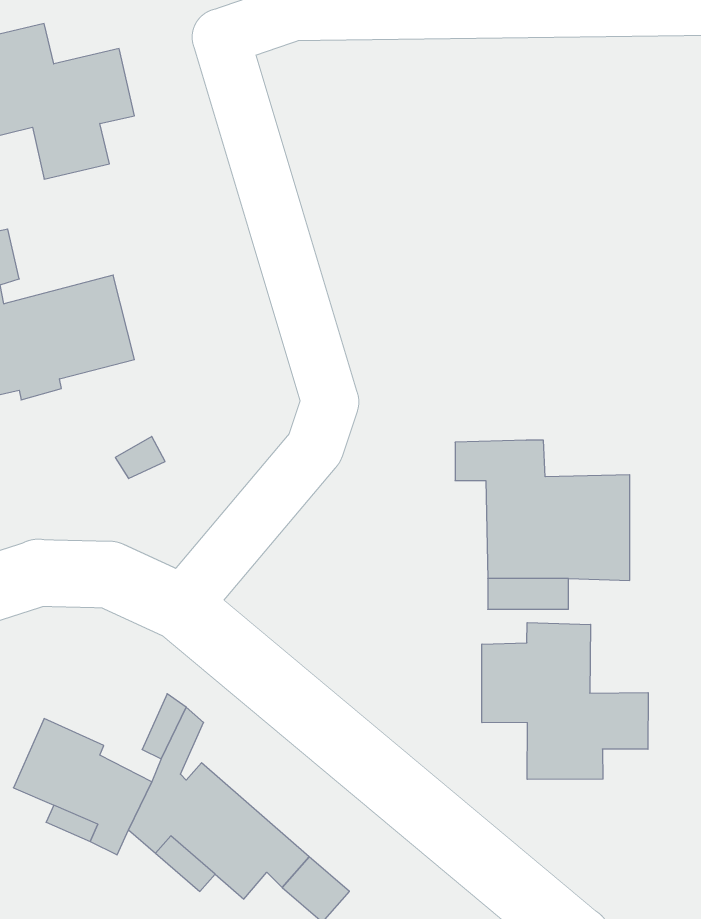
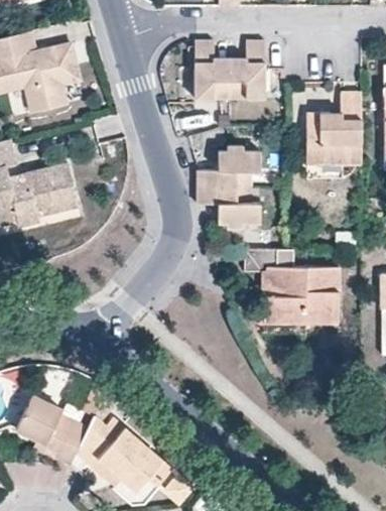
building: none -> [196,41,267,100]
building: none -> [307,92,362,165]
building: none -> [198,146,262,228]
building: [482,623,648,779] -> none

